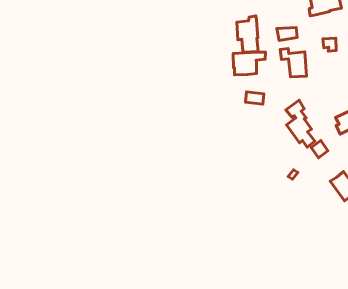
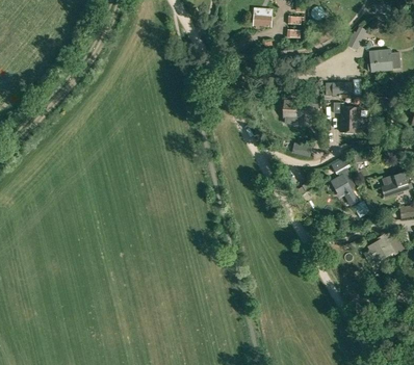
building: [237,16,258,52] -> none

